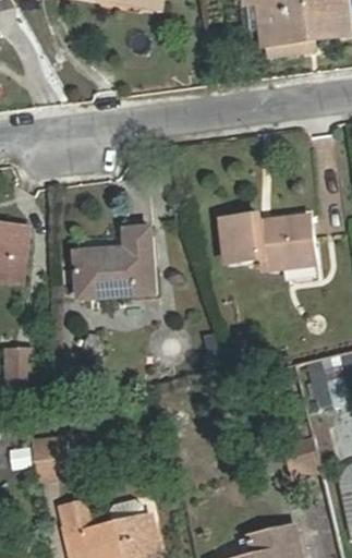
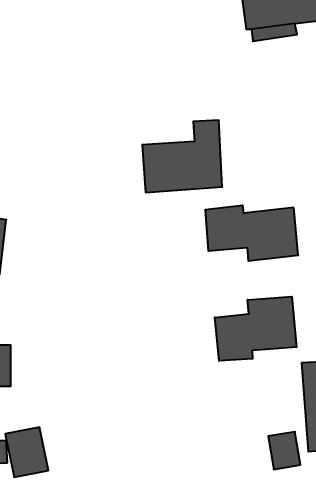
building: [74,226,153,296] -> [142,120,222,192]
building: none -> [215,297,296,361]

